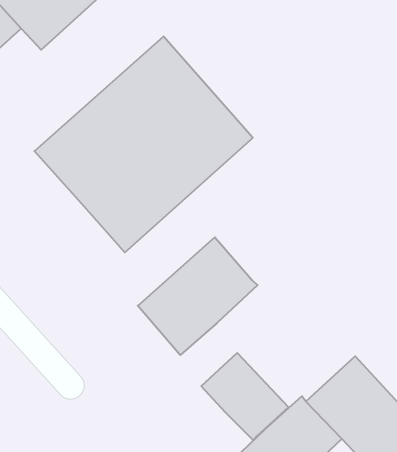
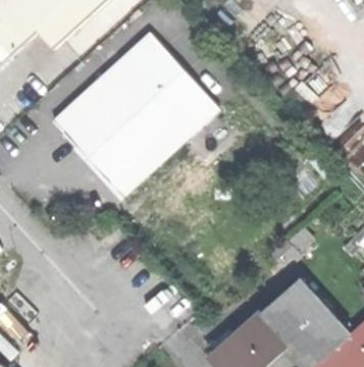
building: [138,237,258,355] -> none
building: [201,353,288,440] -> none

